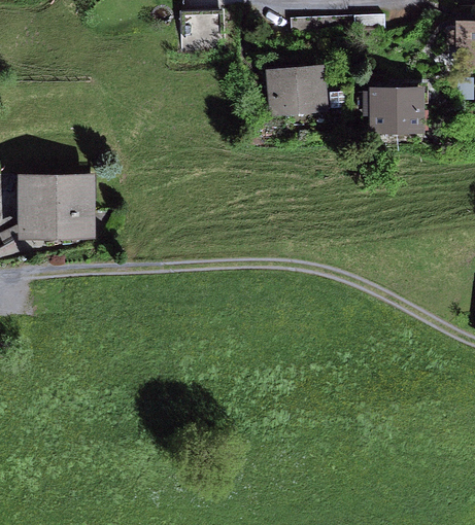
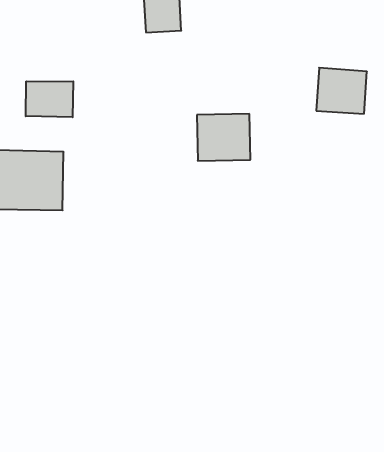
building: [266,66,324,116] -> [197,114,250,161]
building: none -> [26,81,73,117]

